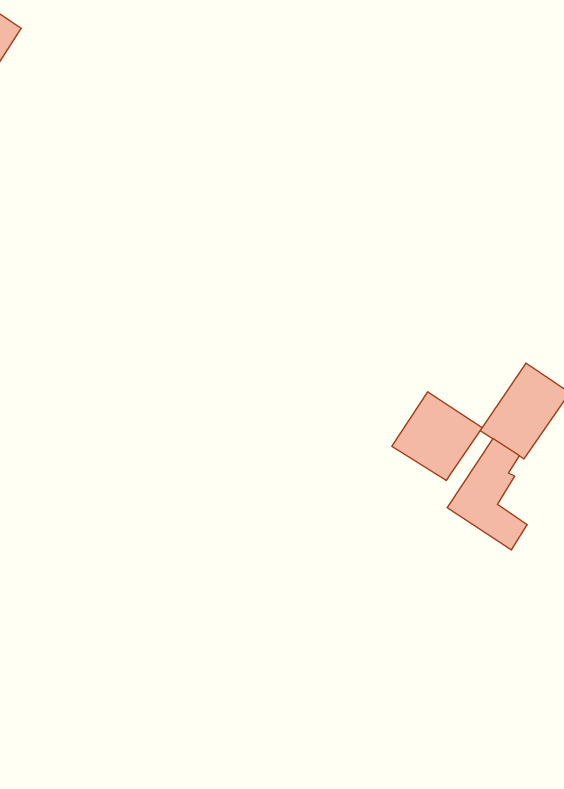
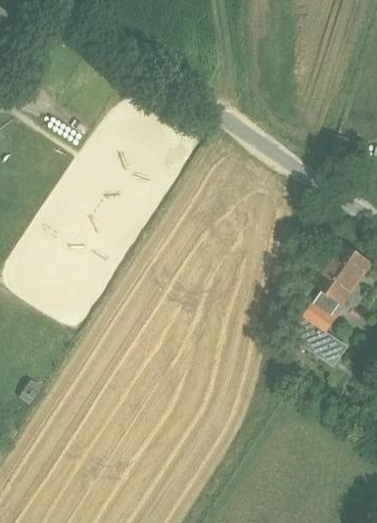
building: [392,392,482,481] -> none

